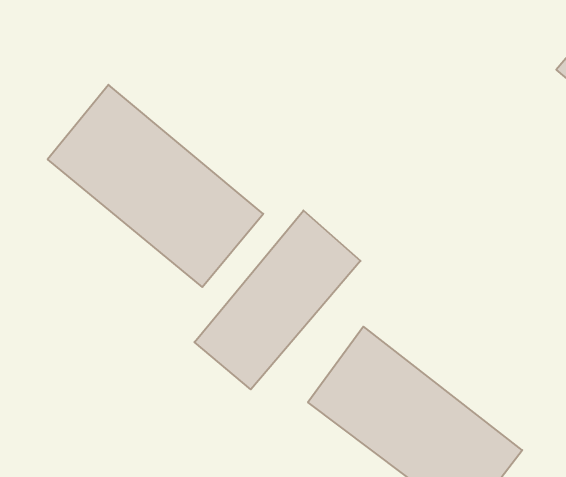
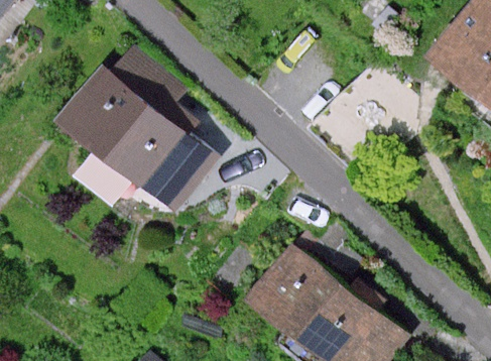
building: [194,210,361,389] -> none

